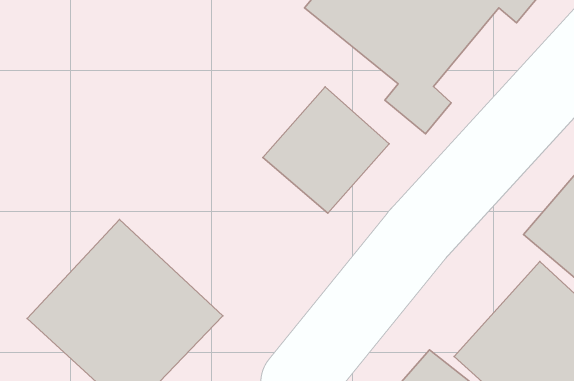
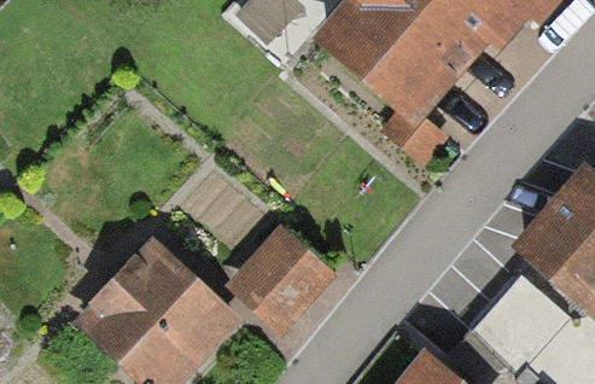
building: [263,87,389,213] -> [226,223,338,336]

